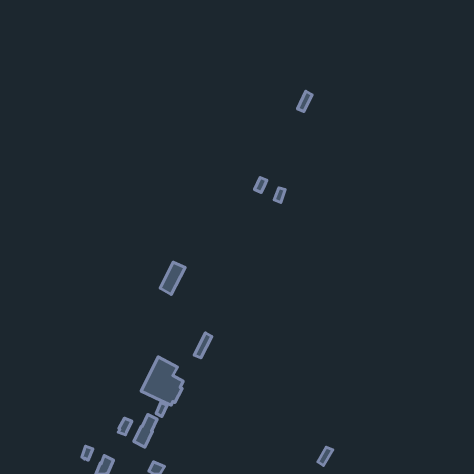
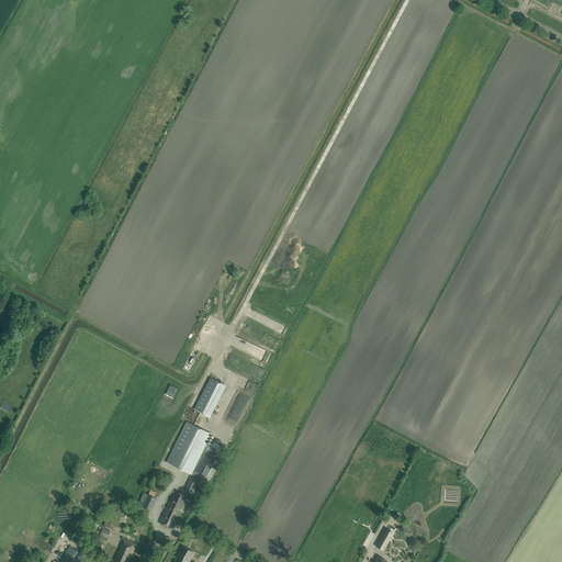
building: [160,262,185,295] -> [194,378,224,416]

